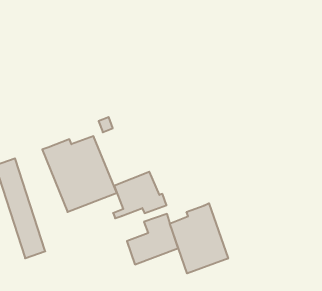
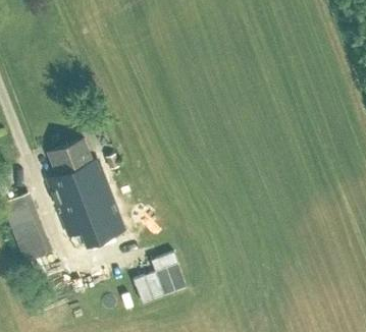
building: [113,172,167,218] -> [50,137,104,184]
building: [170,203,228,273] -> none

